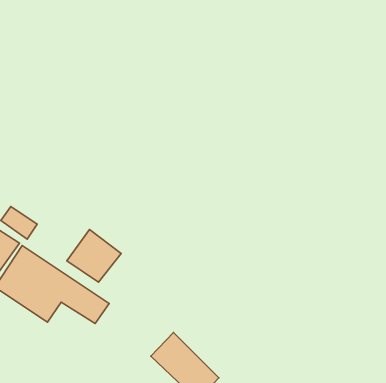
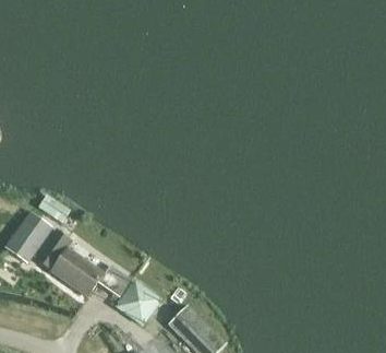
building: [67,229,121,282] -> [114,278,161,323]

